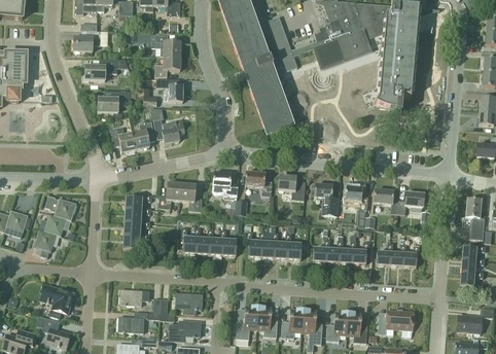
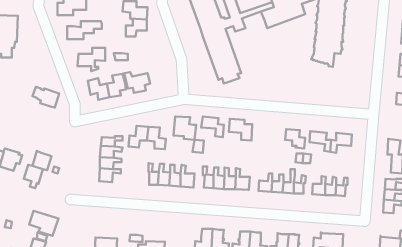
building: [155,78,182,102] -> none
building: [314,184,338,216] -> none
building: [44,196,76,220] -> [32,87,59,107]
building: [119,290,149,306] -> none
building: [174,293,202,315] -> none

